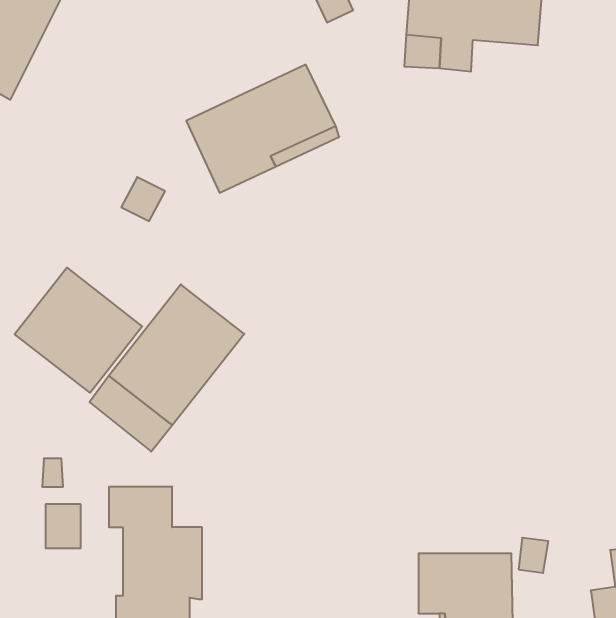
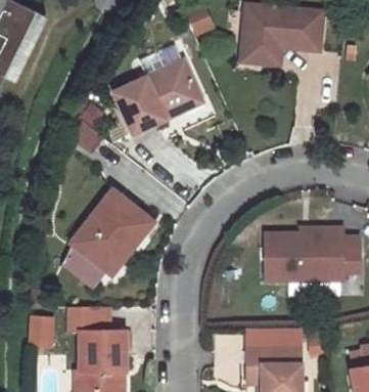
building: [15,268,142,393] -> none
building: none -> [267,225,361,277]

